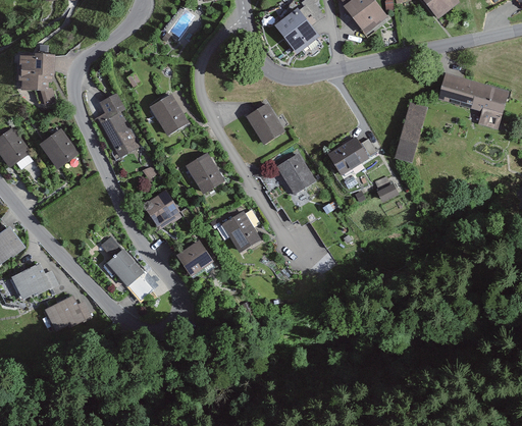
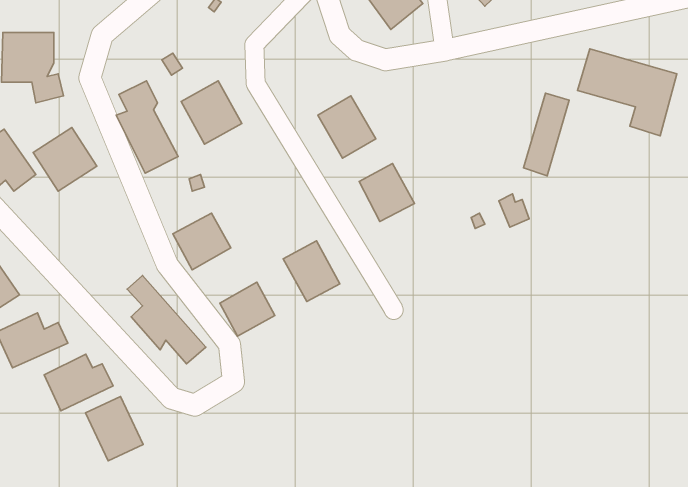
building: [319,136,367,179] -> none
building: [180,152,223,197] -> none
building: none -> [85,397,143,461]

